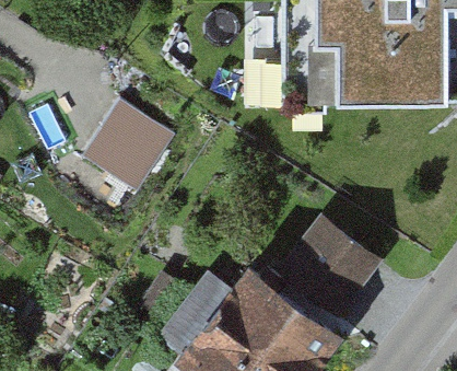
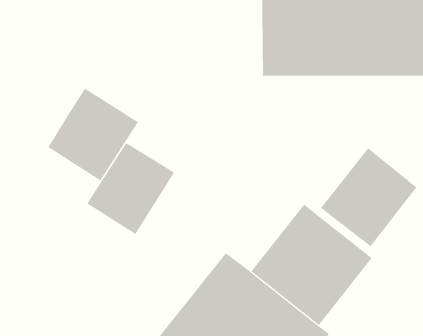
building: none -> [87,142,175,235]
building: none -> [320,148,417,247]

